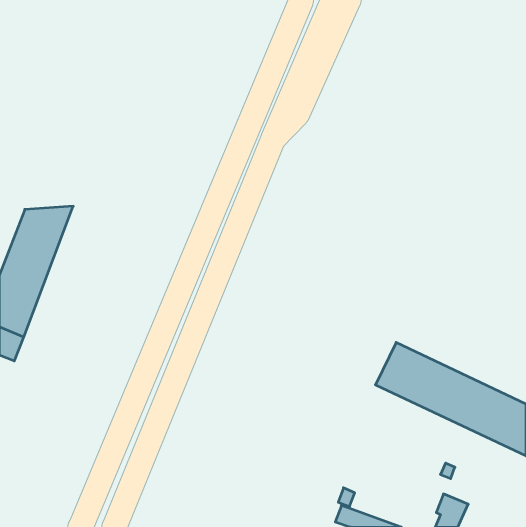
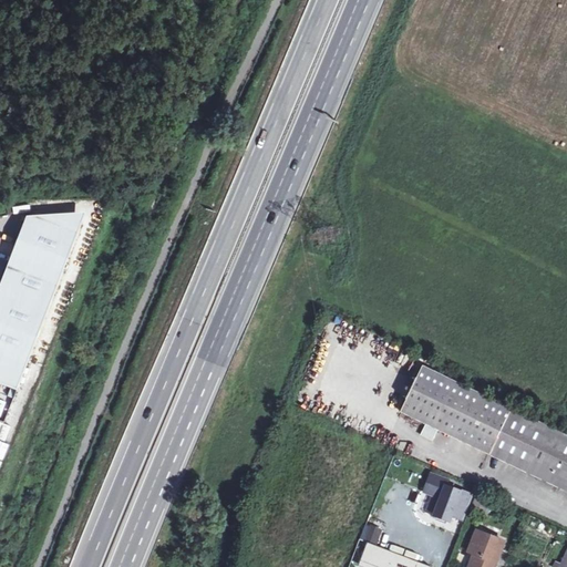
building: none -> [425,477,470,524]

